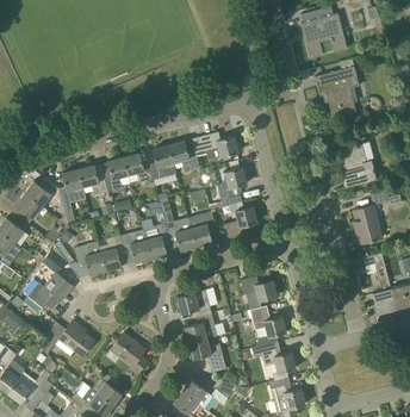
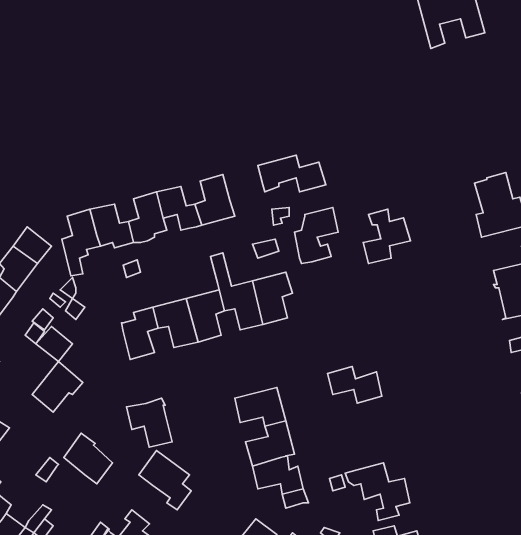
building: [315,66,359,123] -> none
building: [168,141,199,170] -> none
building: [225,200,257,237] -> [363,209,411,263]
building: [74,241,105,274] -> [127,398,172,447]
building: [250,305,286,346] -> none

